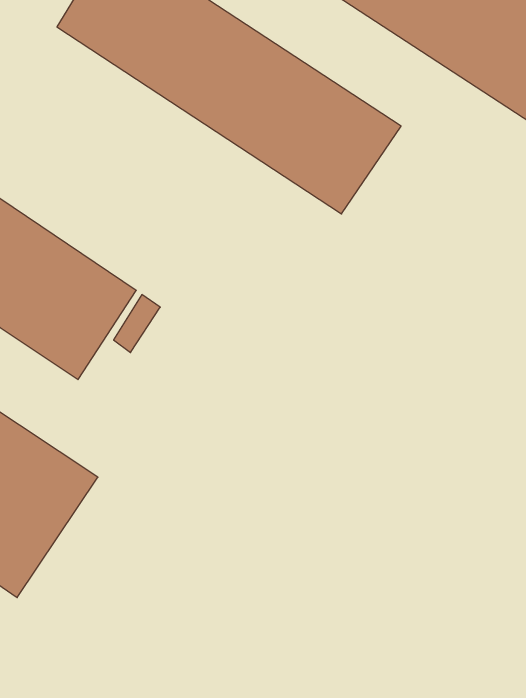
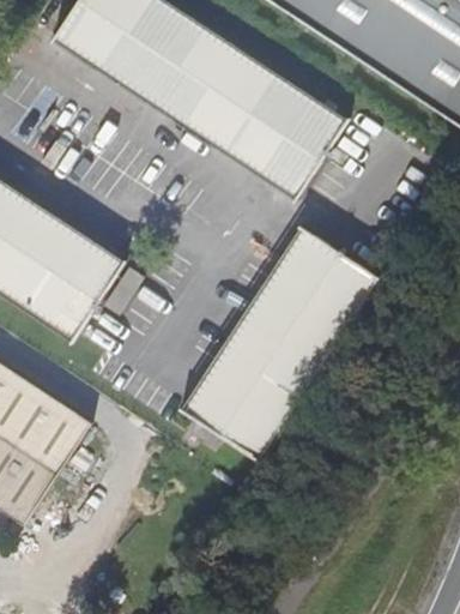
building: none -> [183,228,379,460]

